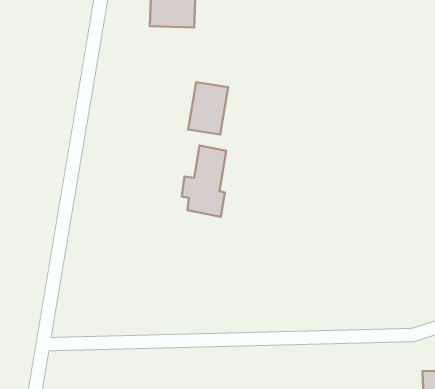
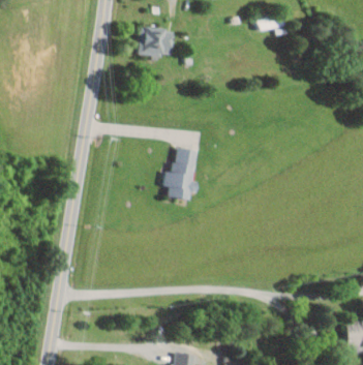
building: [188,82,228,135] -> none

